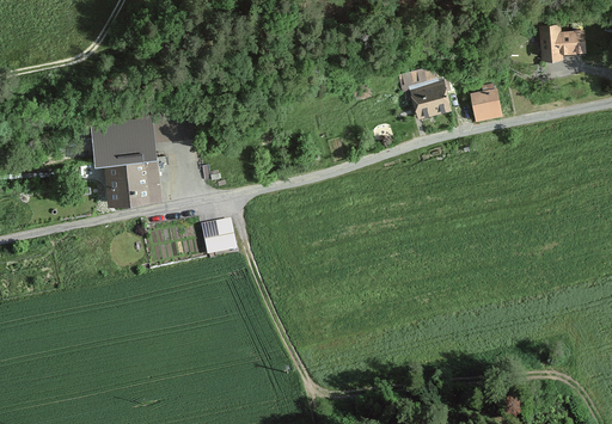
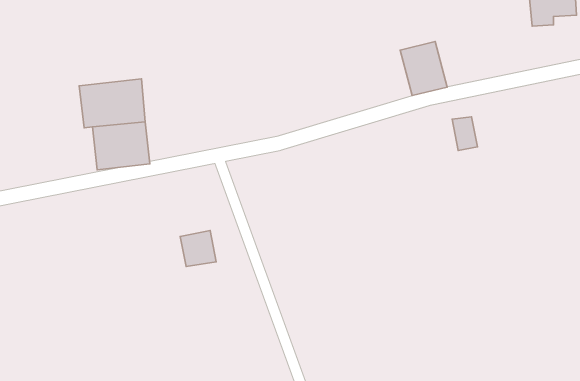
building: [469,88,494,122] -> [452,117,477,150]
building: [200,216,235,252] -> [180,231,216,267]

